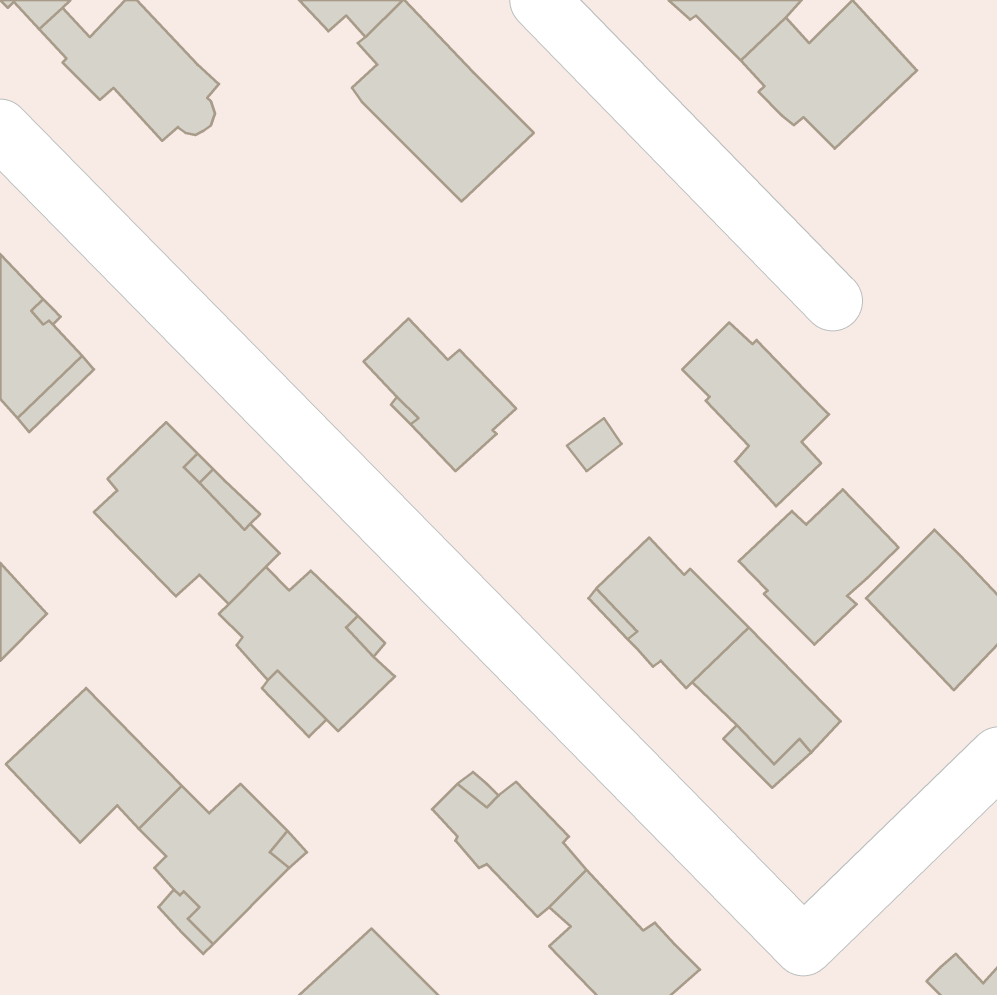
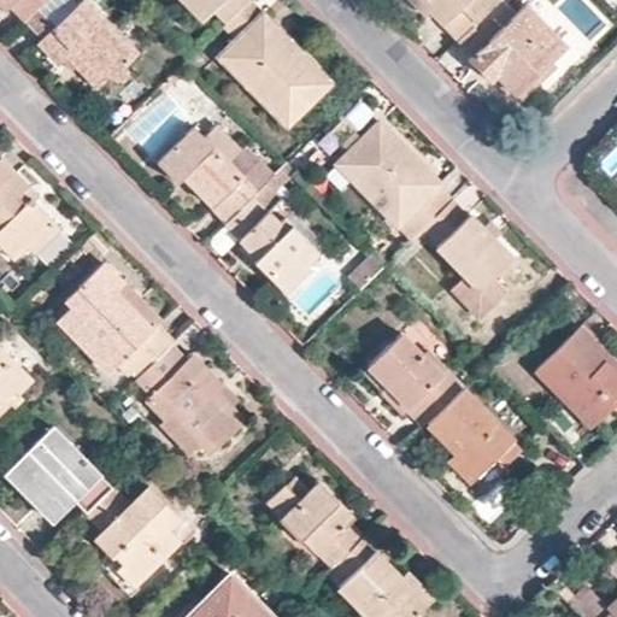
building: none -> [336,123,451,241]
building: none -> [159,127,275,223]
building: [739,489,898,645] -> none

